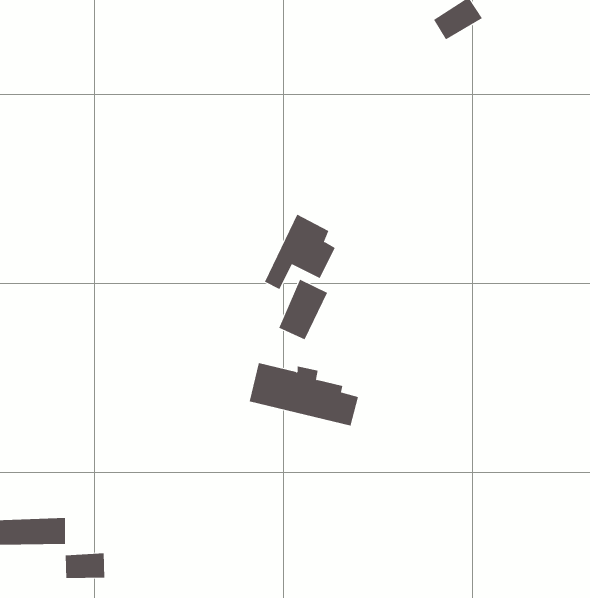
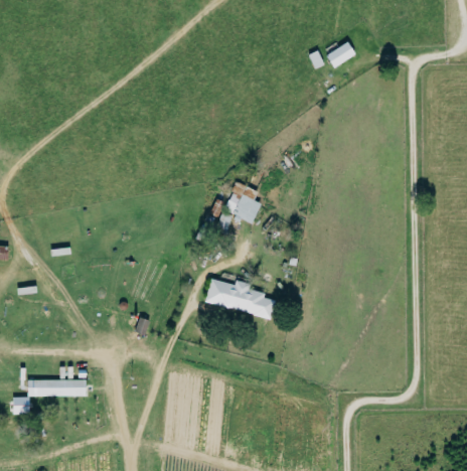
building: [279,279,328,340] -> none
building: [65,552,105,579] -> none

